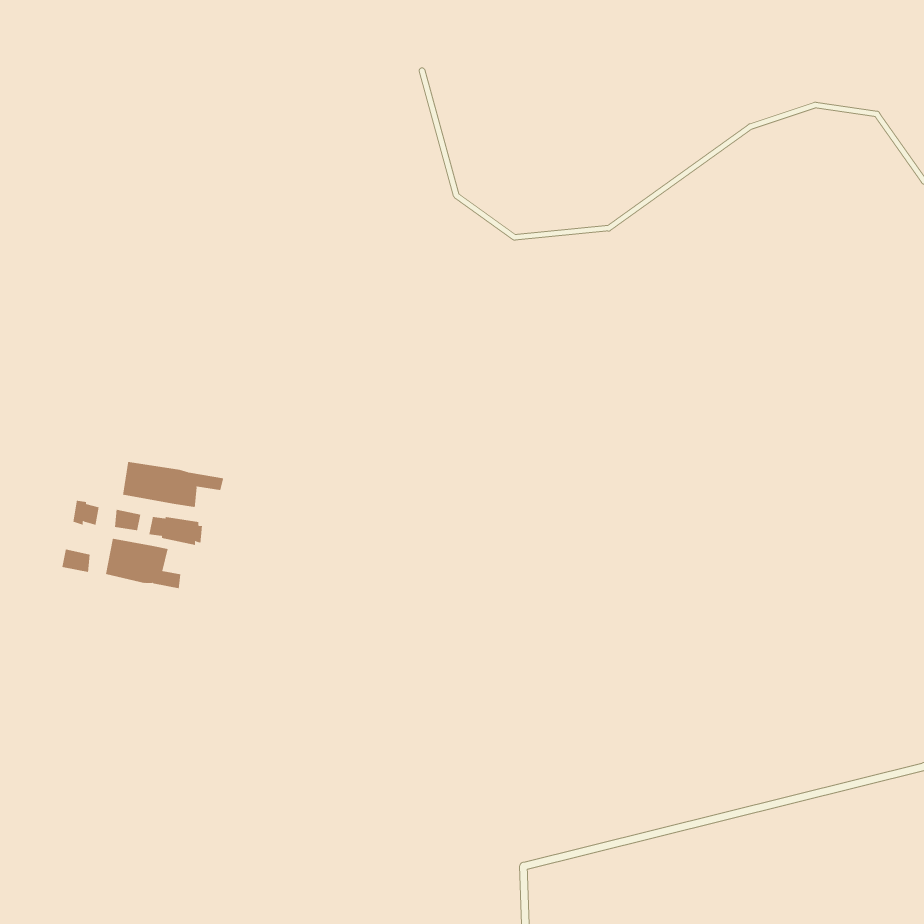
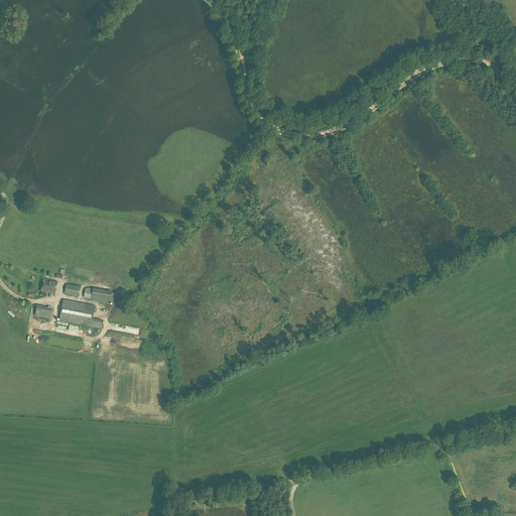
building: [123,461,224,508] -> none

